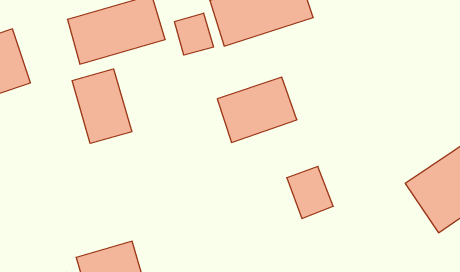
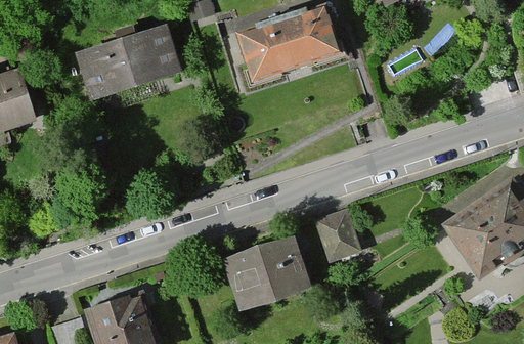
building: [174,13,213,55] -> none
building: [72,69,132,143] -> none
building: [217,77,297,142] -> [223,234,309,305]

